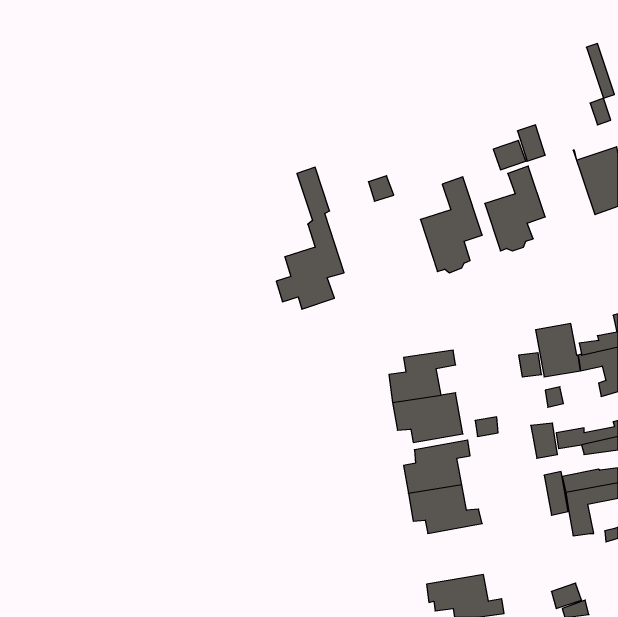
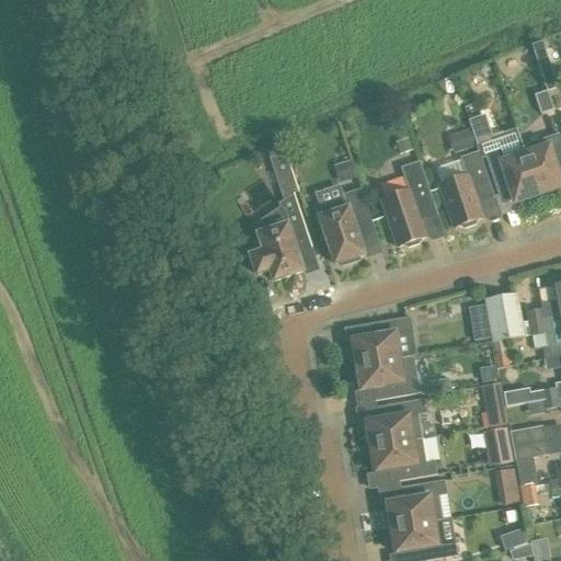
building: none -> [483,136,538,202]
building: none -> [318,187,370,265]
building: none -> [493,468,520,506]
building: none -> [382,479,446,528]

